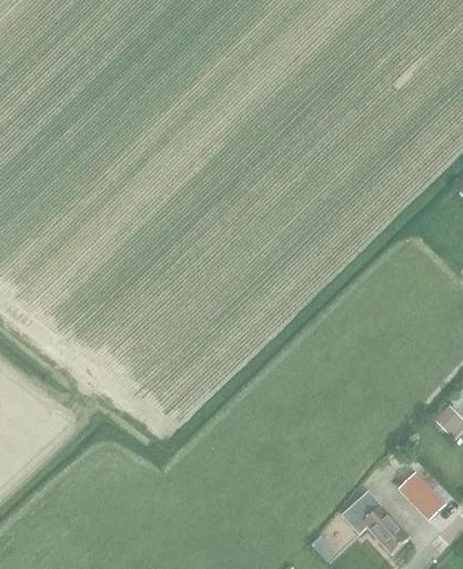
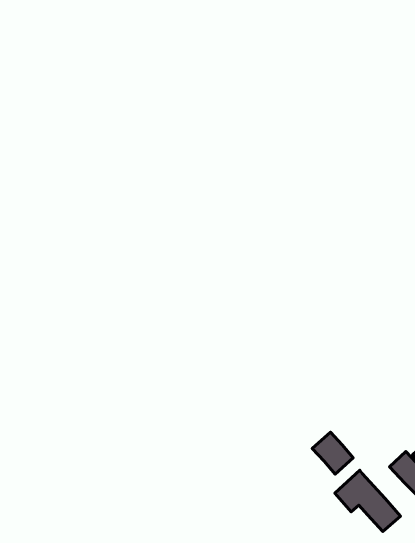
building: none -> [312,432,353,474]

